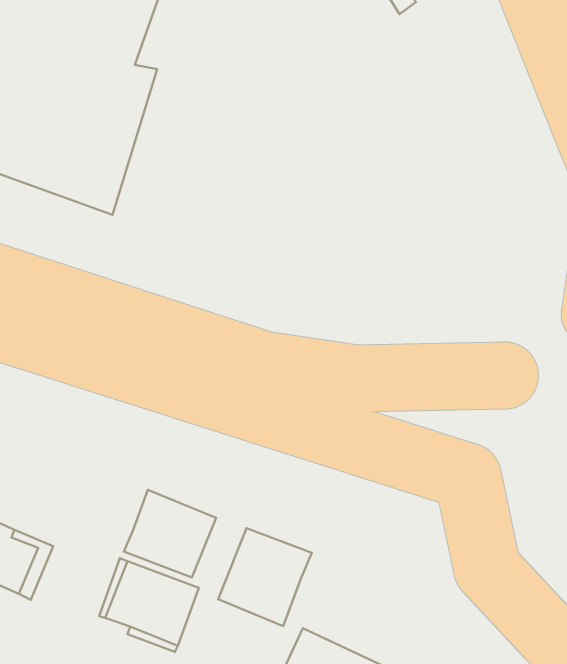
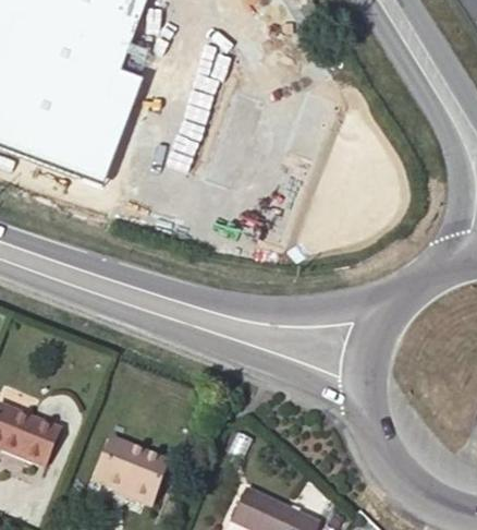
building: [124,490,216,578] -> none
building: [218,528,312,626] -> none

